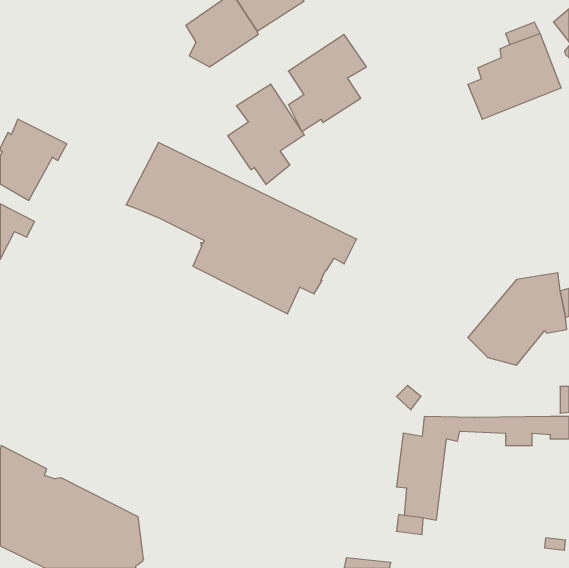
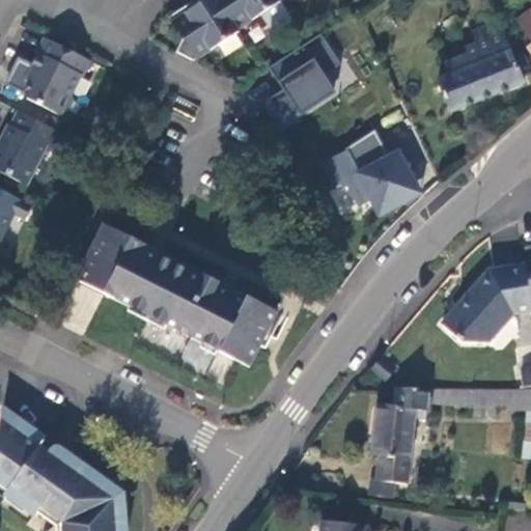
building: none -> [25,37,91,116]
building: [228,84,304,185] -> none
building: none -> [325,129,421,214]
building: [126,142,357,314] -> [76,224,290,384]

